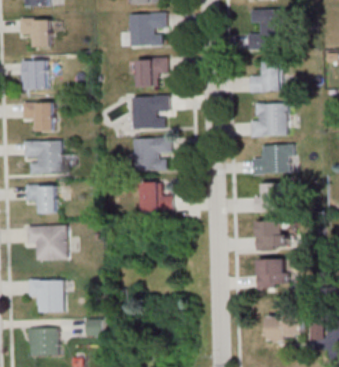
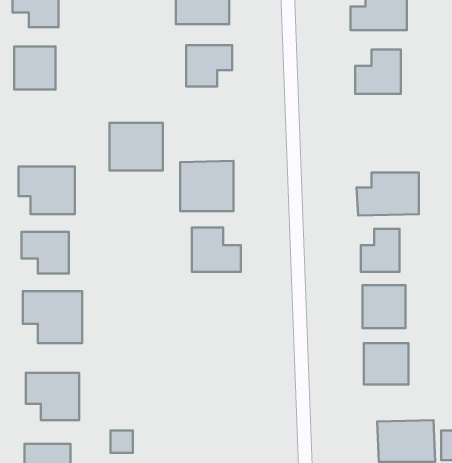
building: [132,96,168,128] -> [109,123,163,170]
building: [23,103,55,131] -> none
building: [251,104,288,136] -> none

